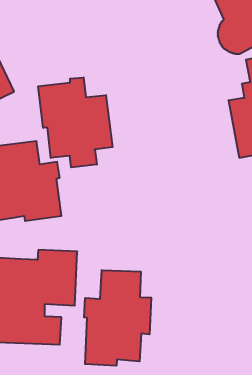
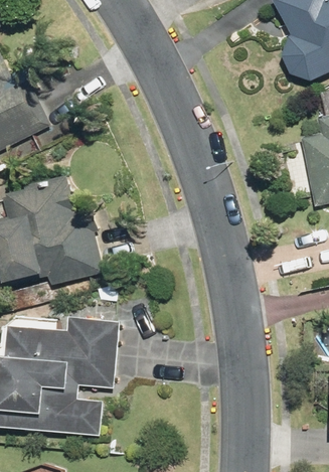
building: [38,77,113,167] -> none
building: [84,270,151,366] -> none

